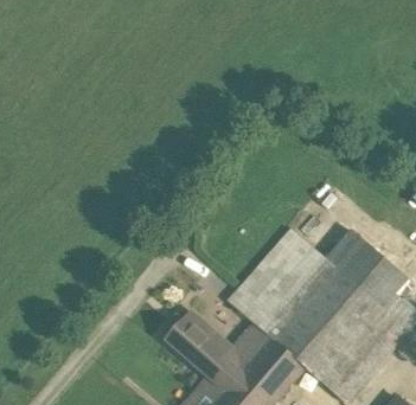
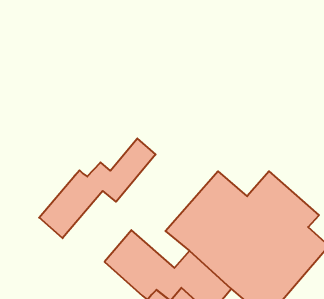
building: none -> [39,138,156,238]

